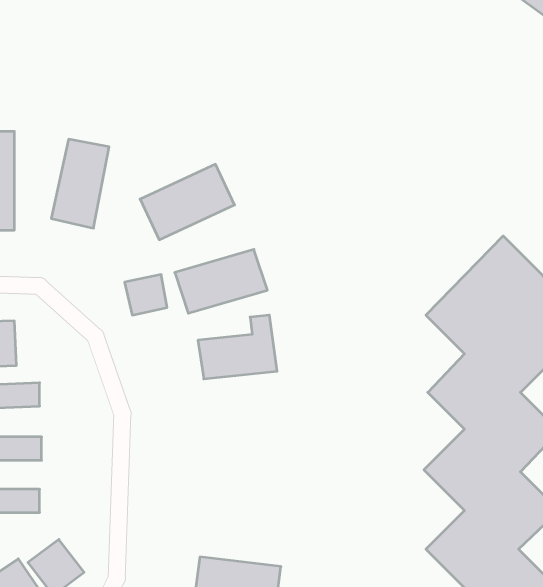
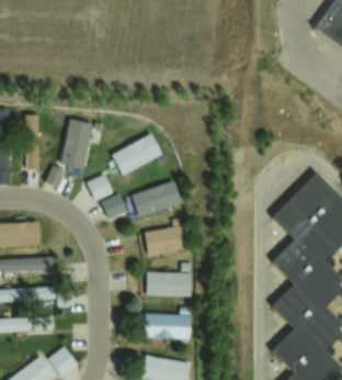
building: none -> [86,174,112,201]
building: none -> [145,264,191,297]
building: none -> [144,310,191,338]

